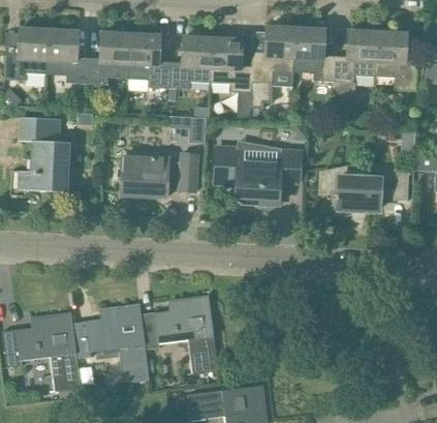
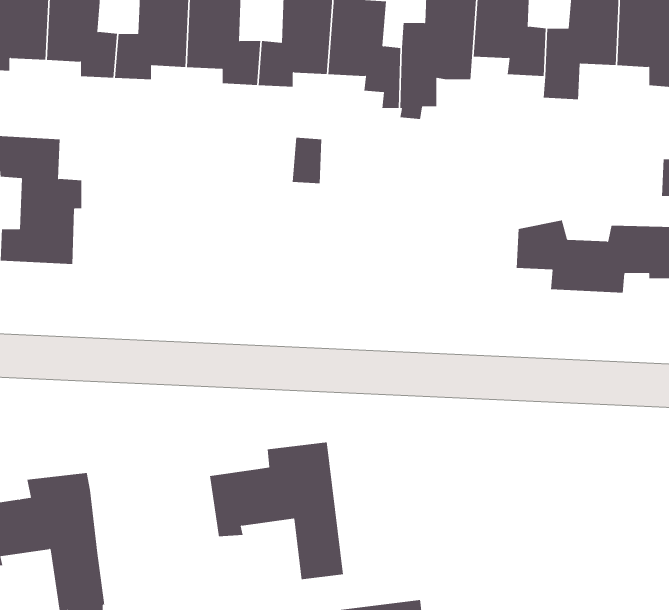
building: [214,147,302,205] -> none
building: [120,154,197,198] -> none
building: [73,303,151,382] -> none

